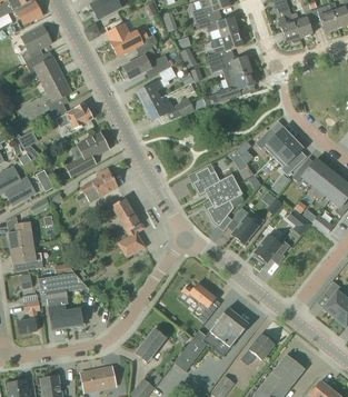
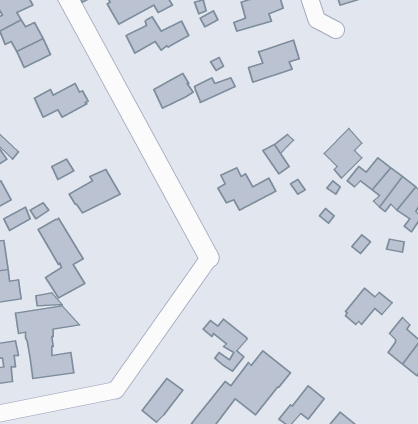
building: [208,54,251,78] -> none
building: [137,66,177,107] -> none
building: [46,80,72,110] -> none
building: [256,127,294,156] -> none
building: [78,133,109,160] -> none
building: [208,185,242,226] -> none
building: [111,197,147,258] -> [38,218,85,298]
building: [230,207,260,245] -> none
building: [255,235,290,262] -> [346,288,392,325]

